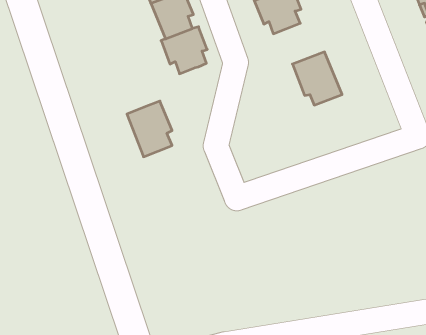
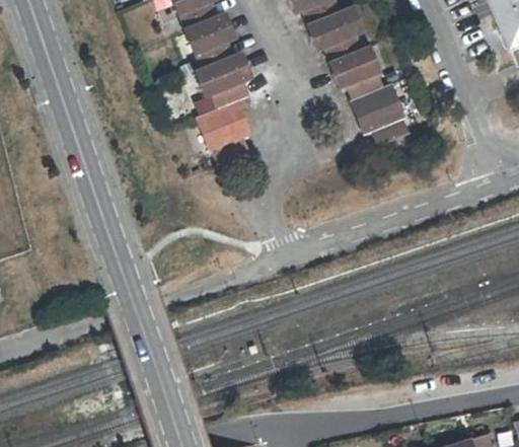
building: none -> [328,44,382,94]
building: [127,101,172,157] -> [199,98,251,163]

